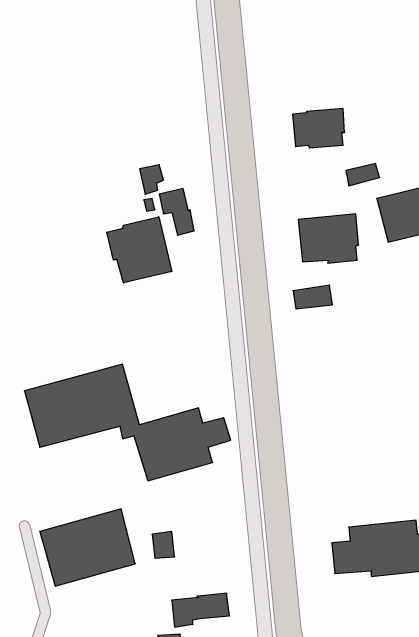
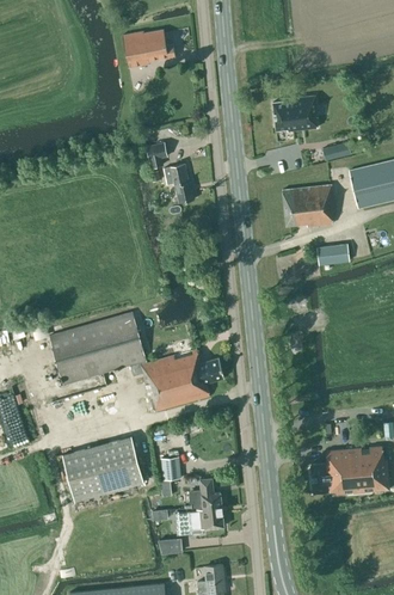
building: none -> [122,29,174,67]
building: [107,217,172,283] -> none
building: [293,285,332,309] -> [316,243,350,263]
building: none -> [191,479,221,509]

